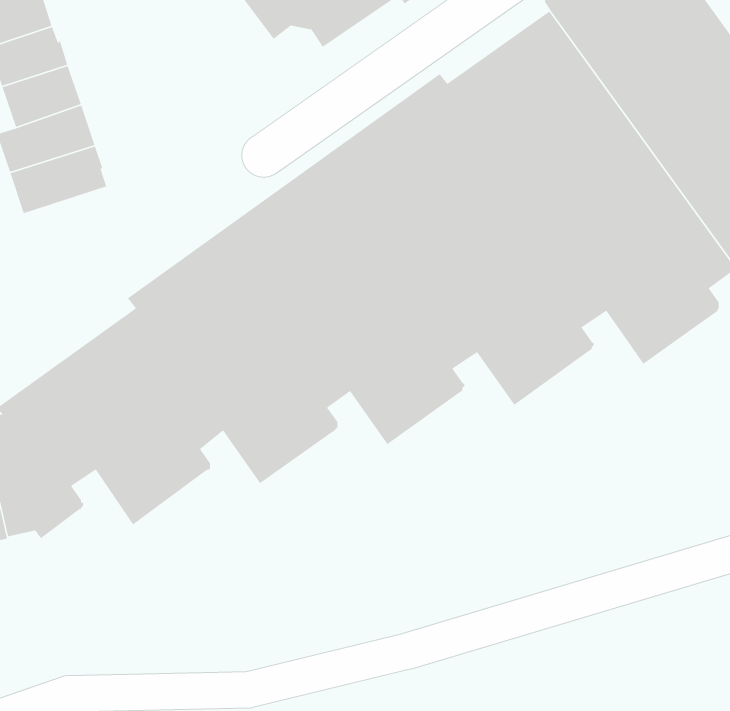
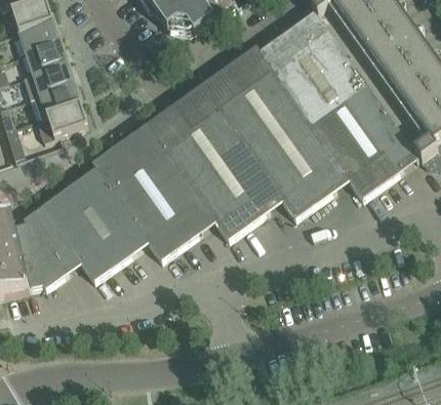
building: none -> [37,104,88,139]

